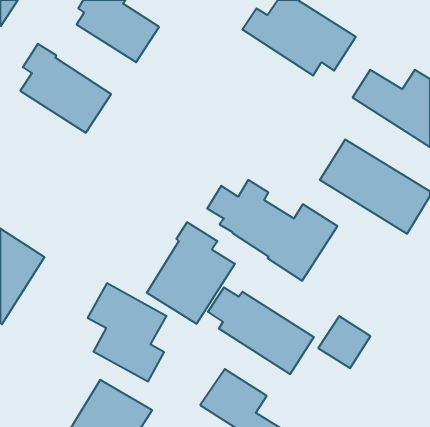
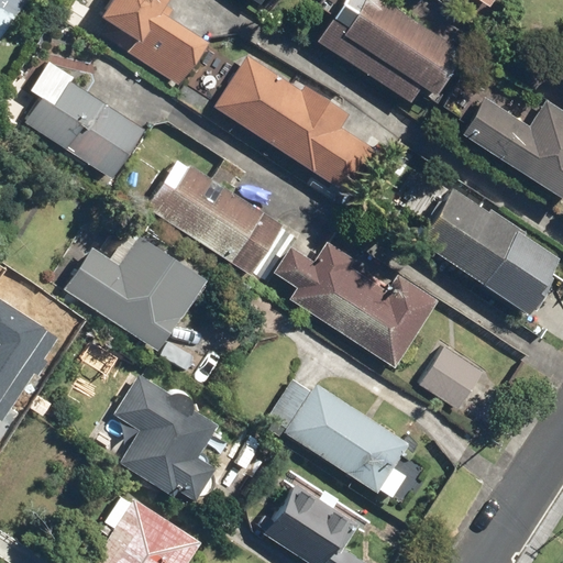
building: none -> [213,55,376,197]
building: none -> [151,161,285,278]
building: none -> [63,231,206,350]
building: [147,222,235,324] -> none
building: [318,316,370,368] -> [417,344,485,412]

